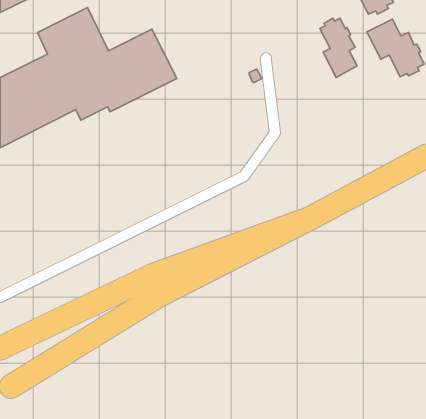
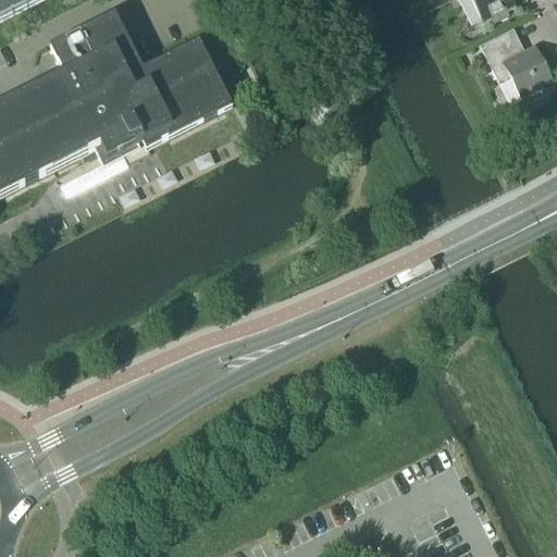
building: [320,18,357,77] -> none

